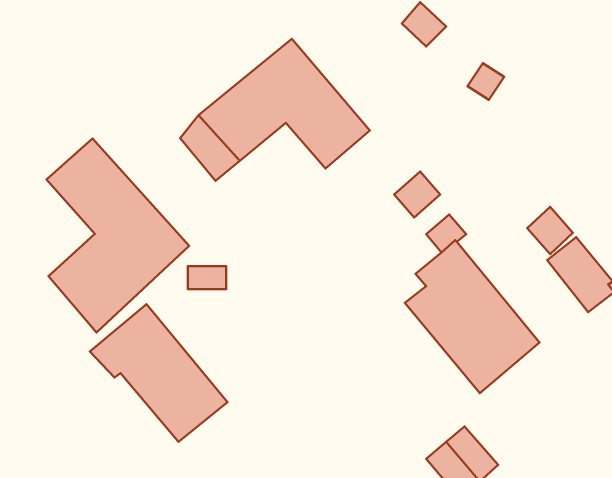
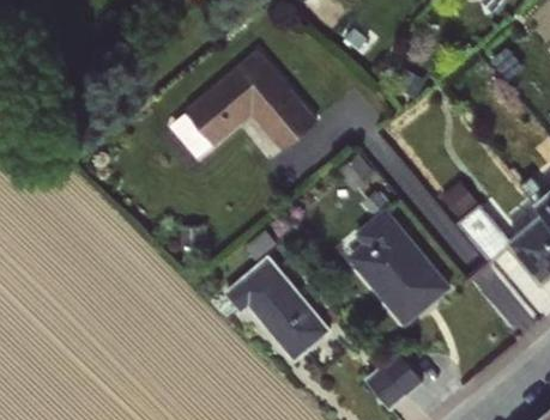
building: [46,139,189,332] -> none
building: [90,304,227,442] -> [224,255,332,363]

